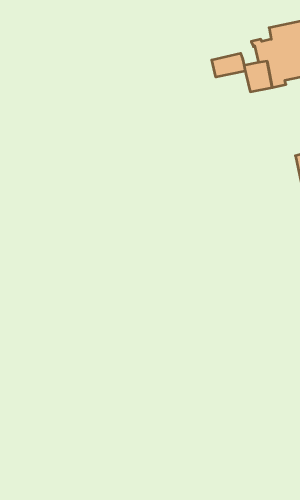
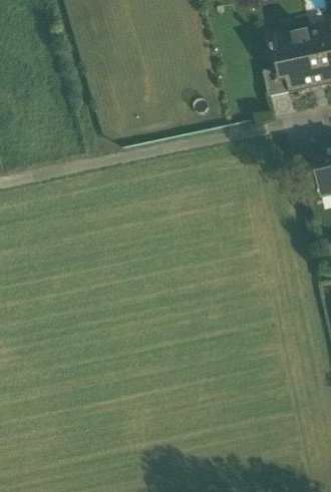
building: [212,53,245,77] -> none

